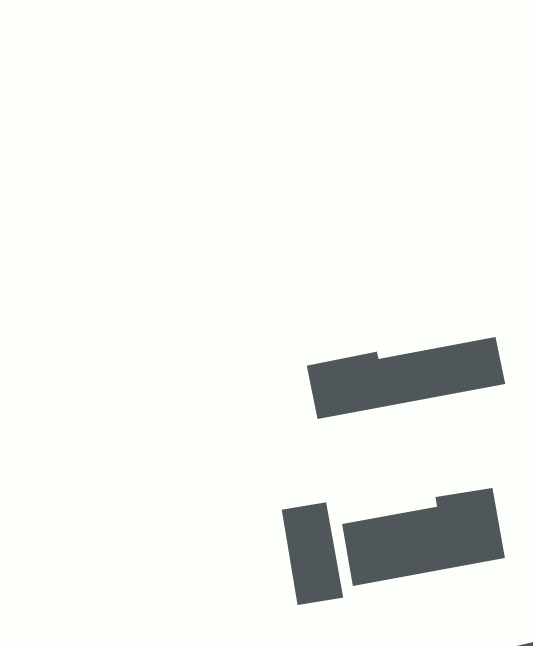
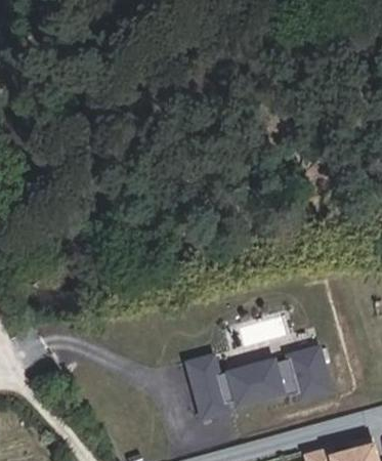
building: [306,336,506,420] -> none

